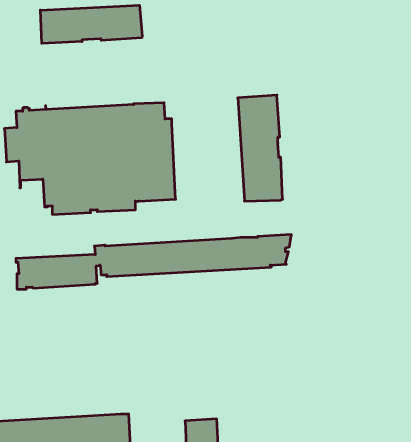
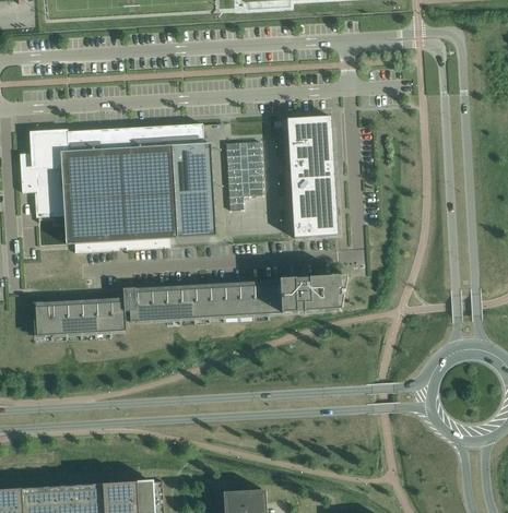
building: [40,5,142,43] -> none
building: none -> [223,139,260,208]

